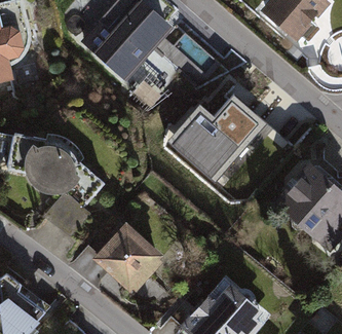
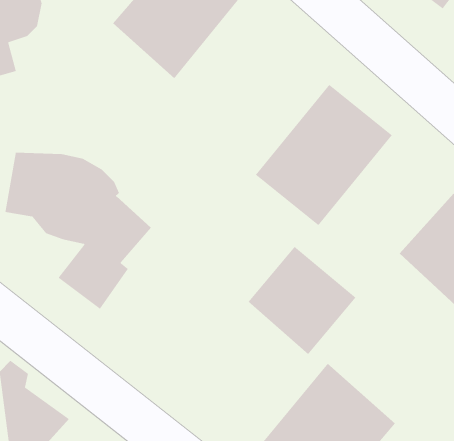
building: [91,221,165,295] -> [247,246,357,355]

